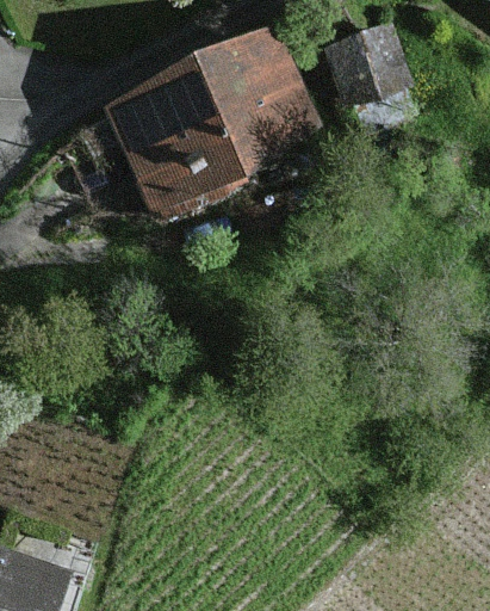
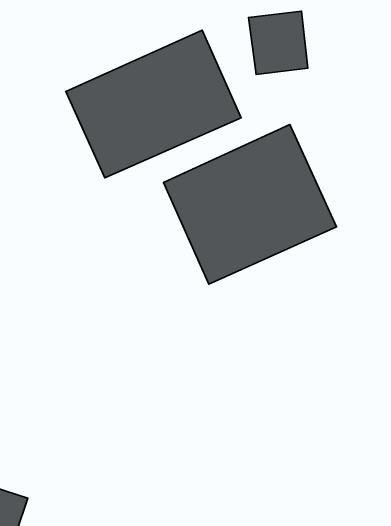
building: none -> [163,124,336,284]

